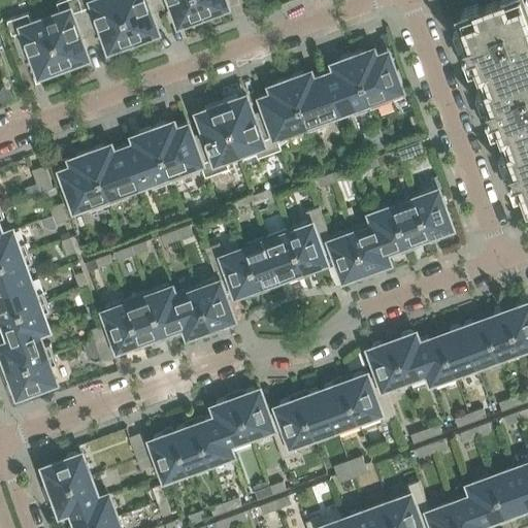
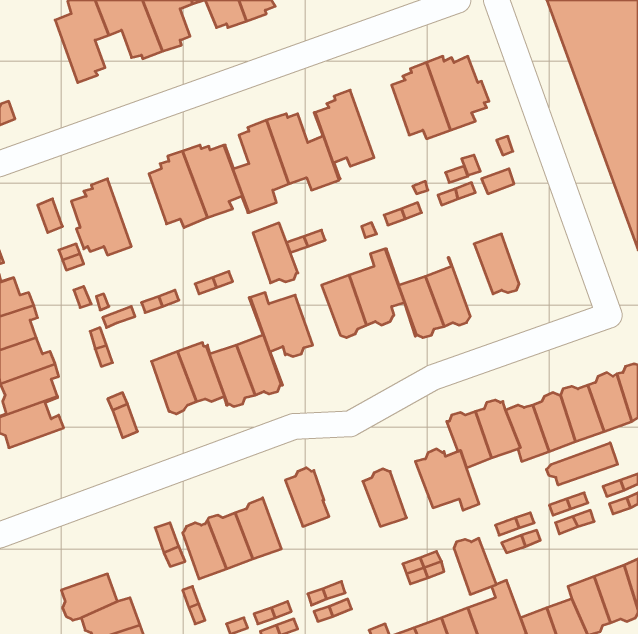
building: [6,15,64,78] -> none
building: [289,74,337,134] -> none
building: [89,146,137,207] -> none
building: [414,190,452,238] -> none
building: [370,205,406,265] -> none
building: [243,239,280,289] -> [253,223,298,283]
building: [103,302,139,354] -> none
building: [7,357,57,398] -> none
building: none -> [546,443,618,485]
building: [322,385,357,431] -> [454,538,496,594]
building: [212,400,250,446] -> none
building: [266,401,314,461] -> none
building: [41,455,89,491] -> none

